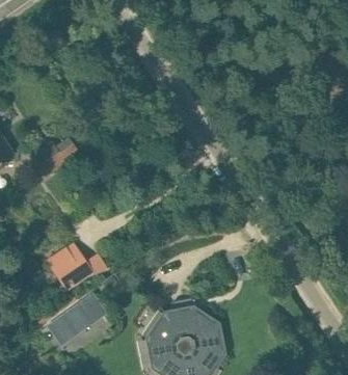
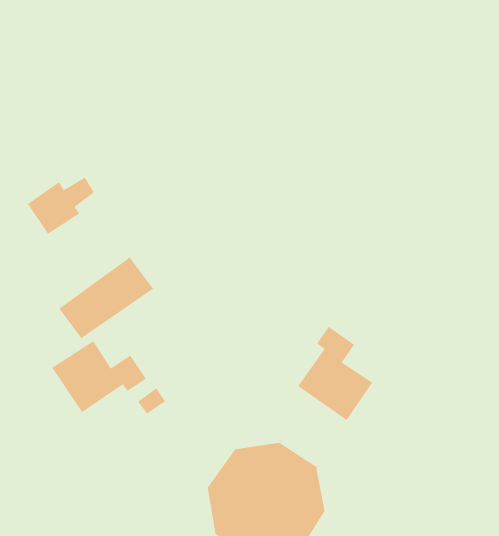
building: none -> [297,326,373,421]
building: [46,293,107,346] -> [58,256,154,339]

